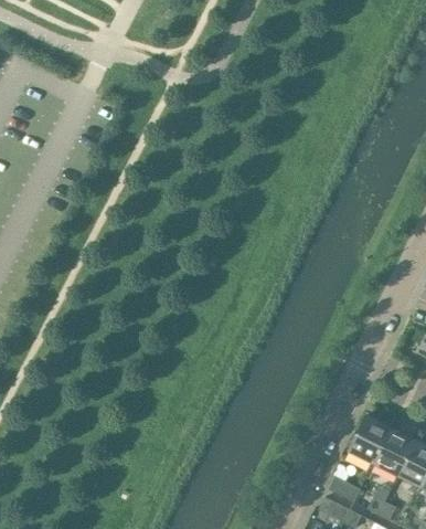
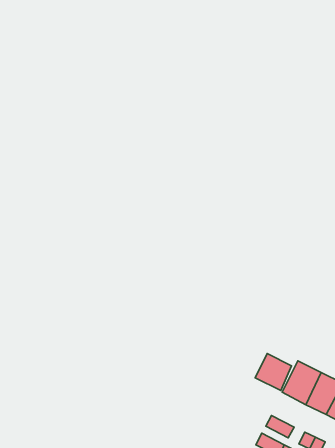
building: none -> [255,354,292,391]

